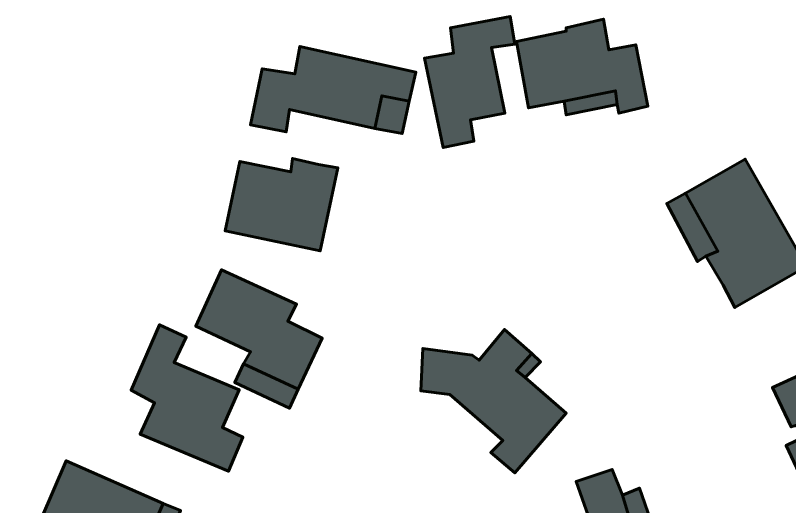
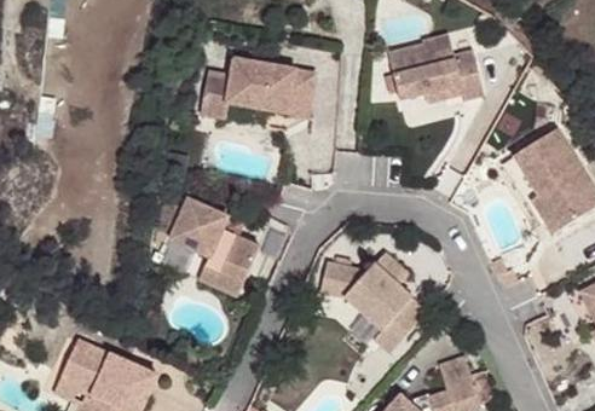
building: [425,16,515,148] -> none
building: [225,159,338,251] -> none
building: [131,325,243,471] -> none

